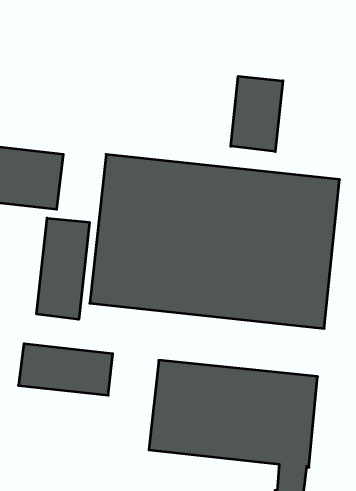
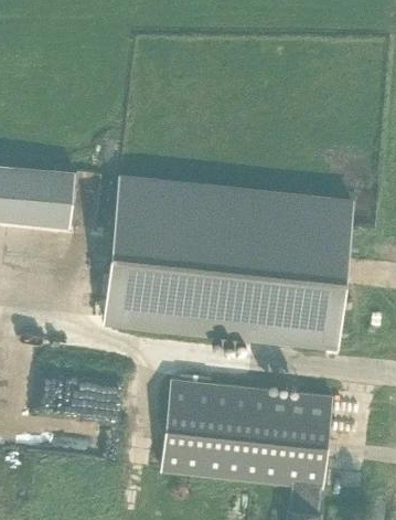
building: [231,76,283,152] -> none
building: [37,218,89,319] -> none

